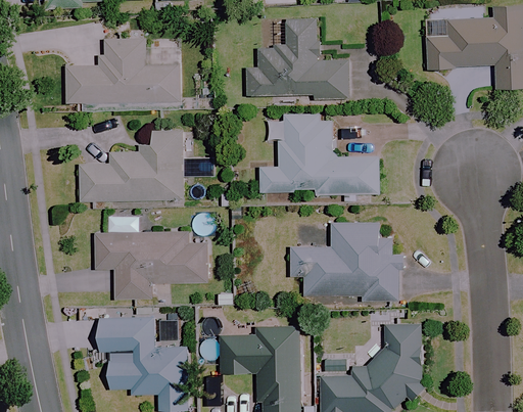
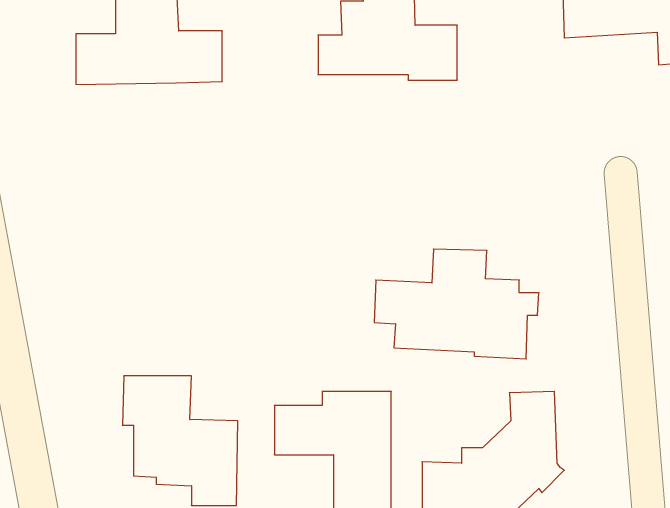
building: [259,113,378,194] -> none
building: [83,130,183,199] -> none
building: [100,231,205,296] -> none

